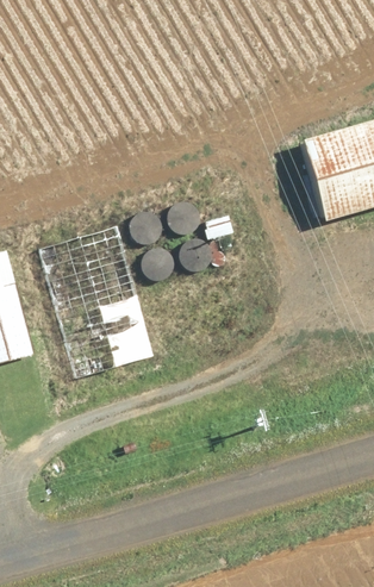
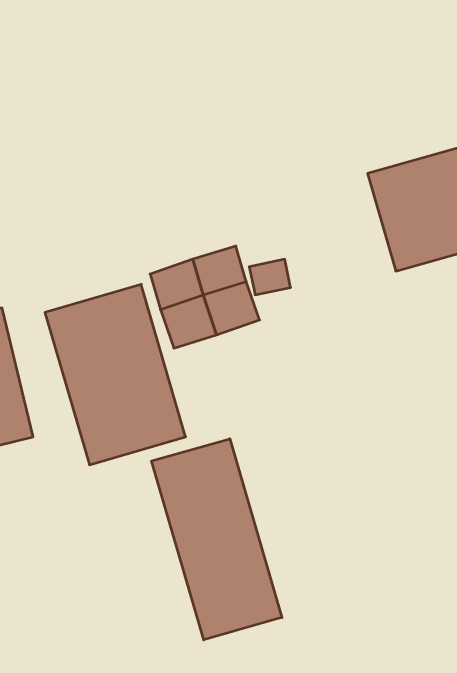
building: none -> [152,439,282,640]

